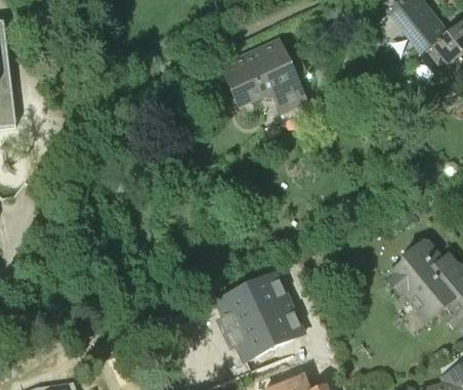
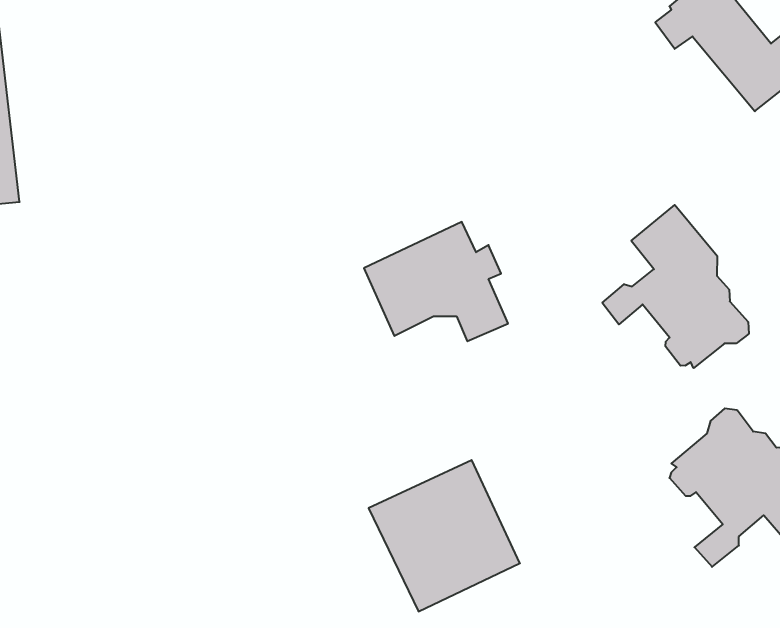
building: [221,40,304,109] -> [364,222,508,341]
building: none -> [602,205,749,368]

